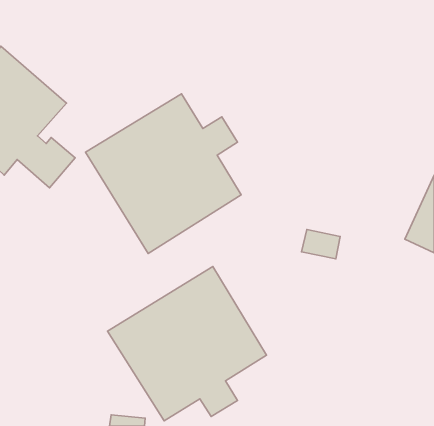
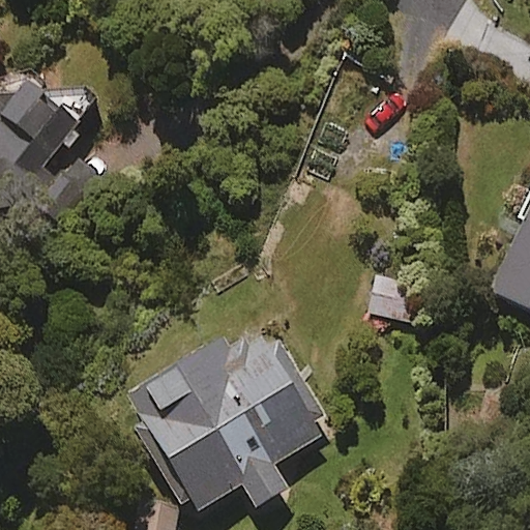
building: [86,94,241,253] -> none

